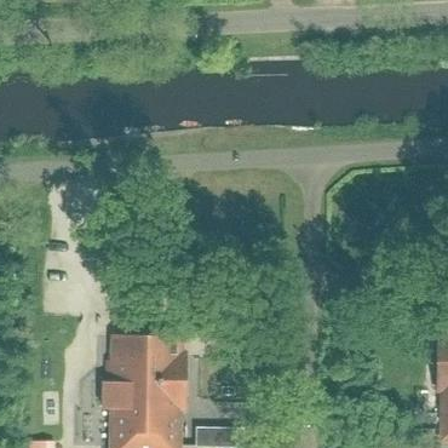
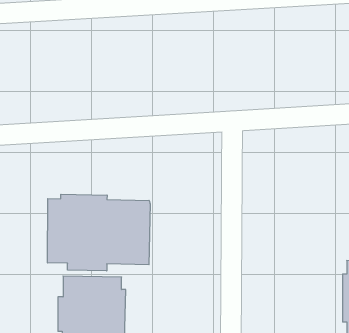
building: none -> [48,194,150,271]

